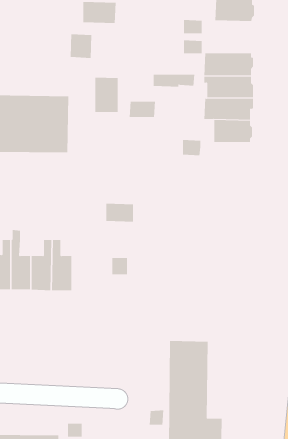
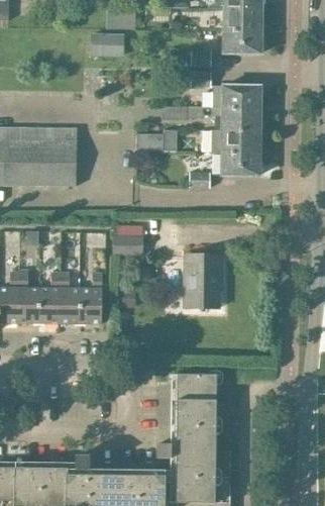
building: [70,33,92,59] -> none
building: [95,77,118,113] -> none
building: none -> [184,255,222,307]
building: none -> [80,273,102,323]

